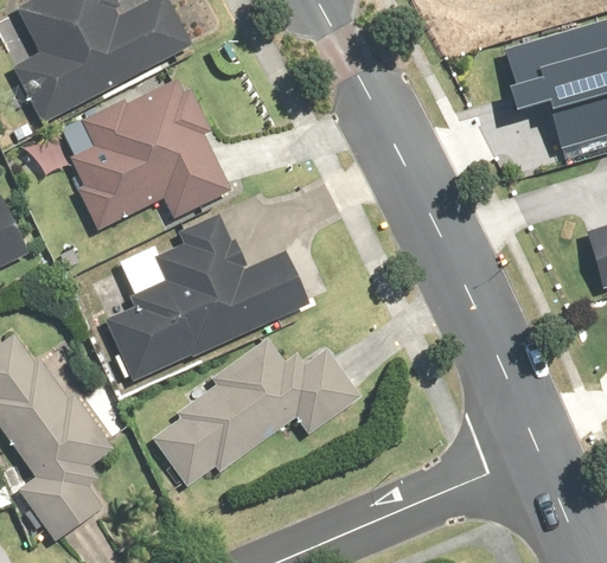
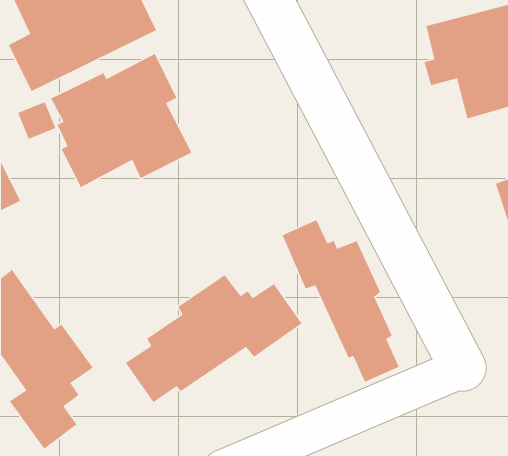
building: [103,210,305,383] -> none
building: none -> [281,219,400,383]

